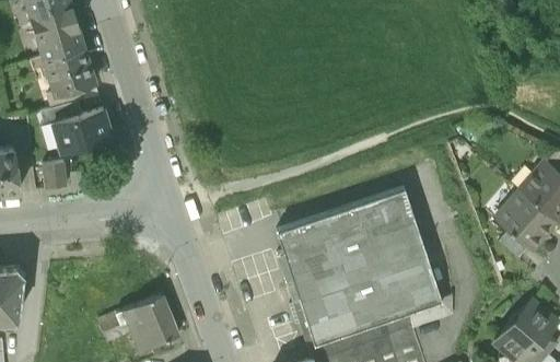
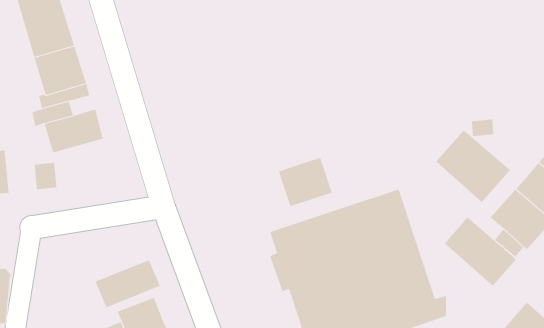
building: none -> [435,129,511,203]
building: none -> [278,157,333,207]
building: none -> [444,216,516,286]
building: none -> [95,259,161,308]

